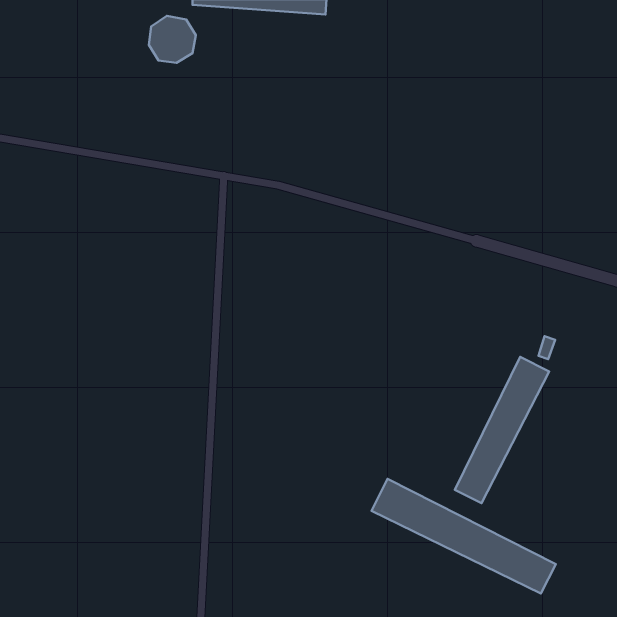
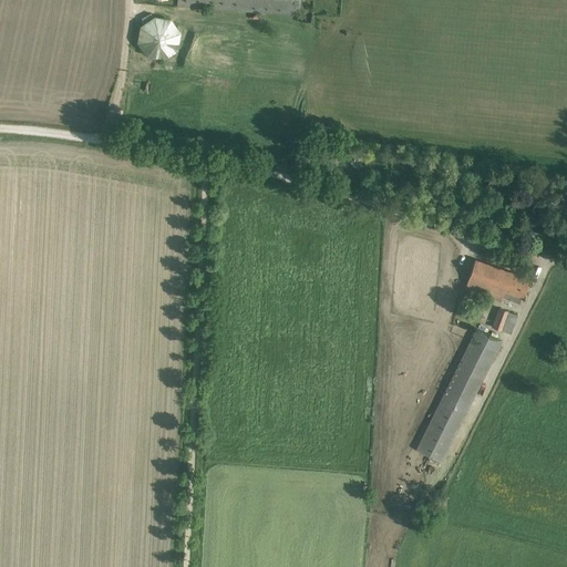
building: none -> [464,258,527,301]
building: [372,479,556,594] -> none

